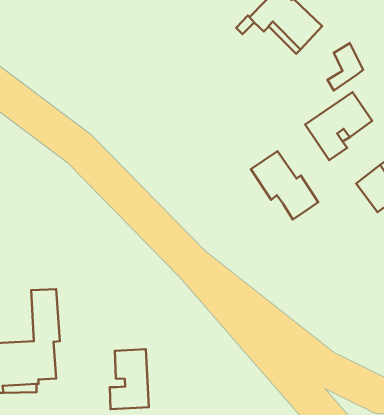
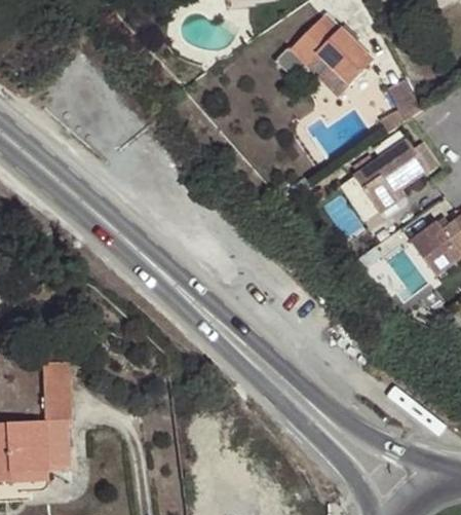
building: [251,151,318,220] -> none
building: [110,349,149,409] -> none

